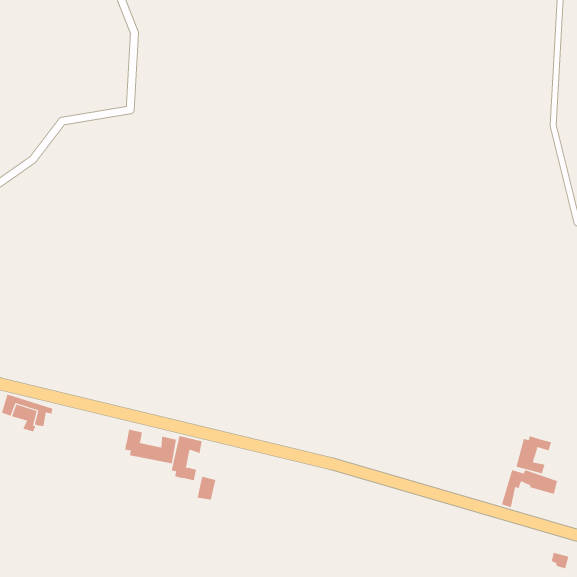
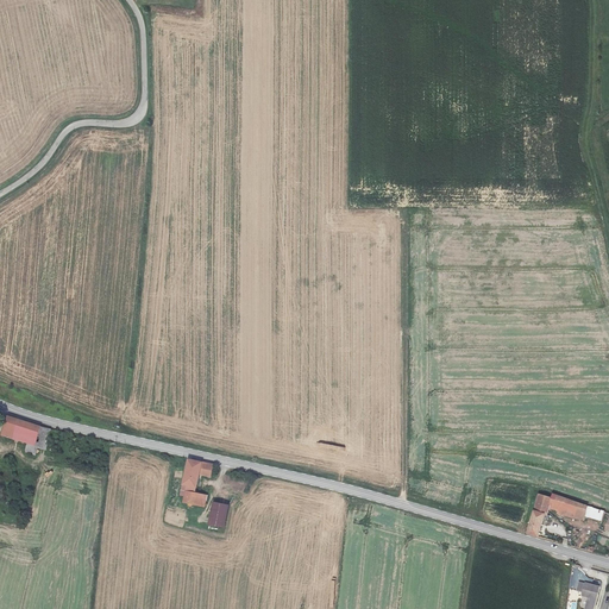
building: [125,429,177,464] -> none
building: [516,436,552,474] -> none

